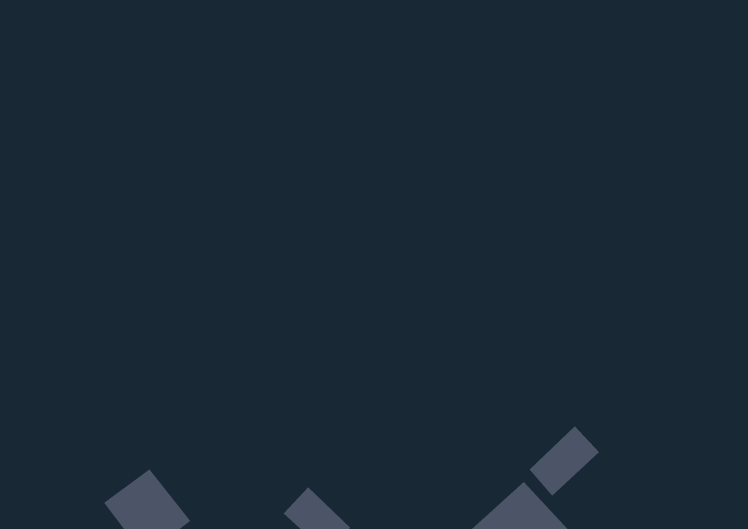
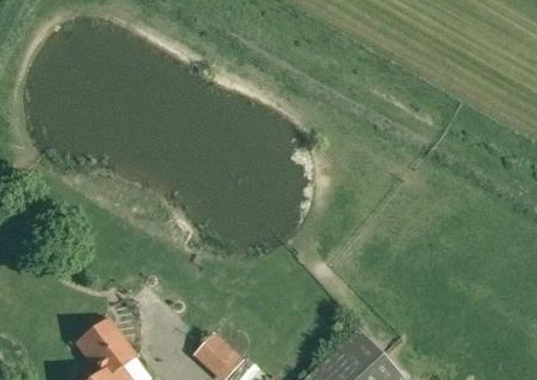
building: [529,426,600,496] -> none

